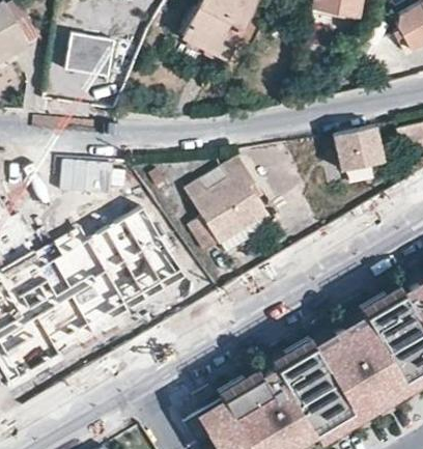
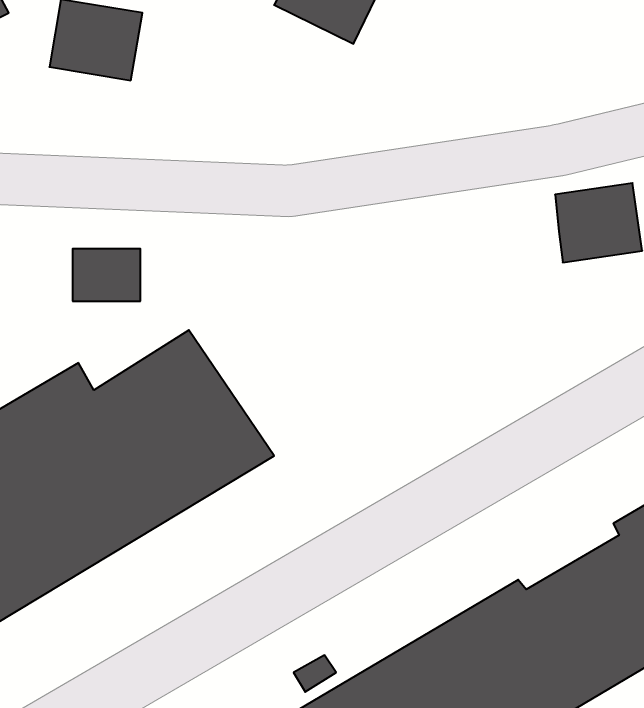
building: [186,158,265,251] -> none

